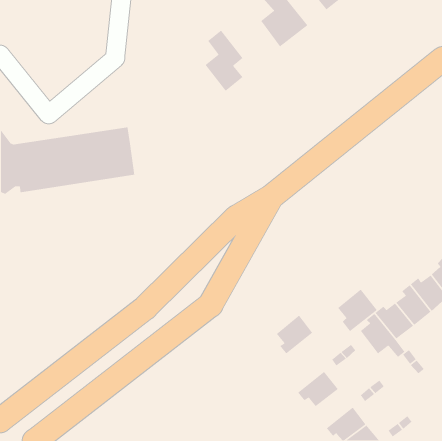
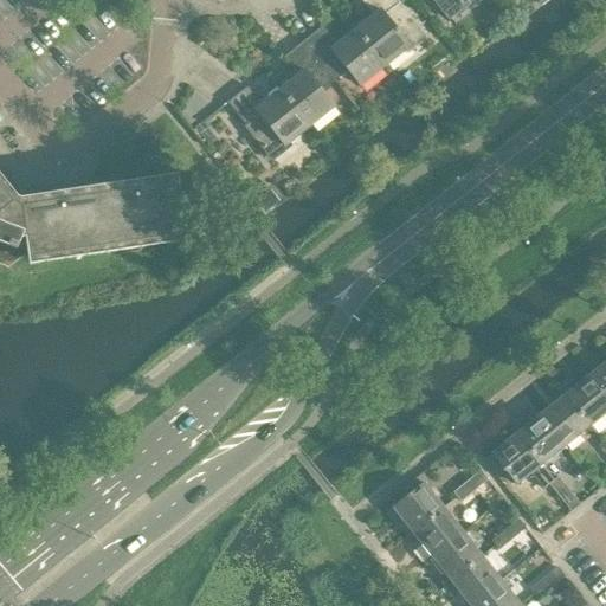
building: none -> [303,25,383,85]
building: none -> [227,85,309,165]
building: [337,289,378,332] -> none
building: [276,315,313,355] -> [393,482,444,536]
building: none -> [432,531,483,585]

